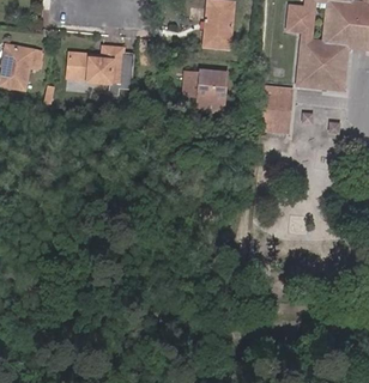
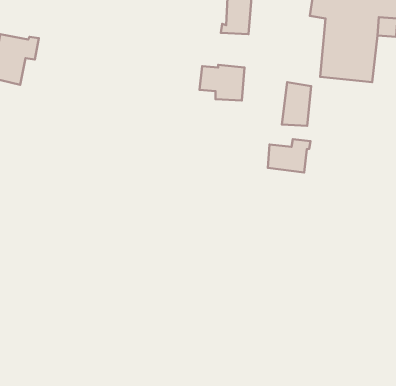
building: [67,49,134,90] -> none
building: none -> [268,139,310,173]

